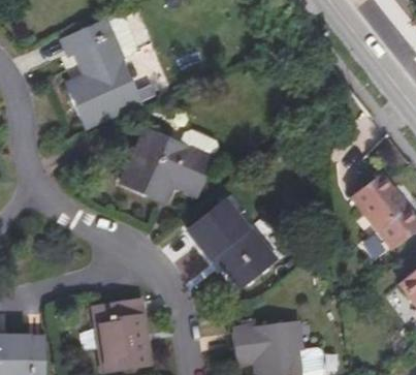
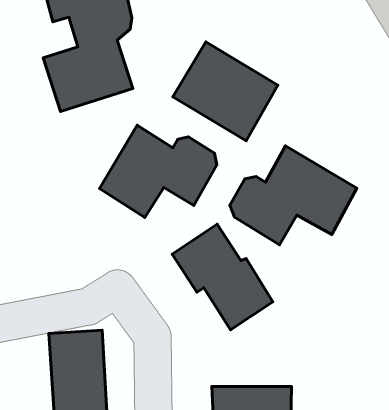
building: none -> [173,42,278,141]
building: none -> [230,146,357,245]

